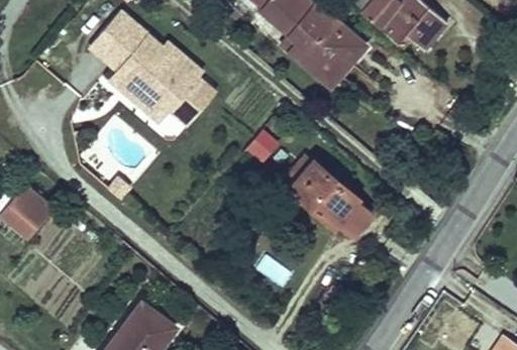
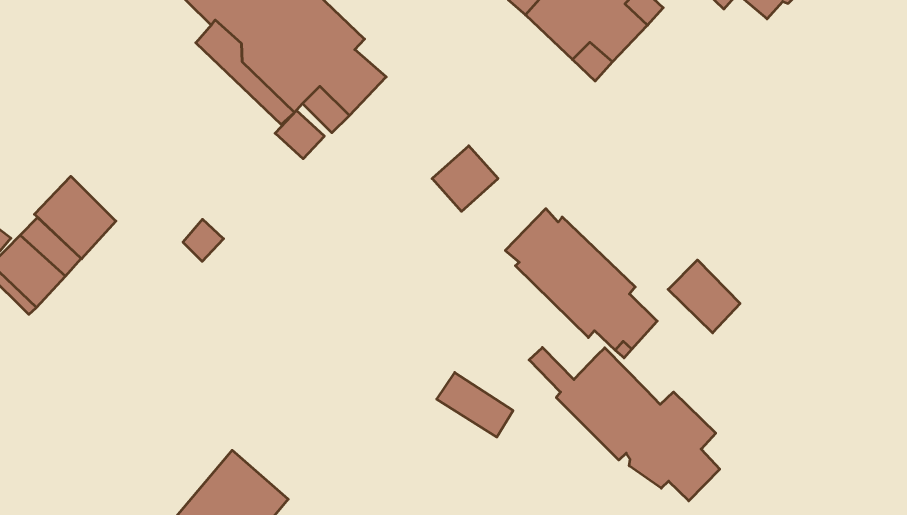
building: none -> [34,176,116,259]
building: none -> [668,260,740,333]
building: none -> [529,347,720,501]

